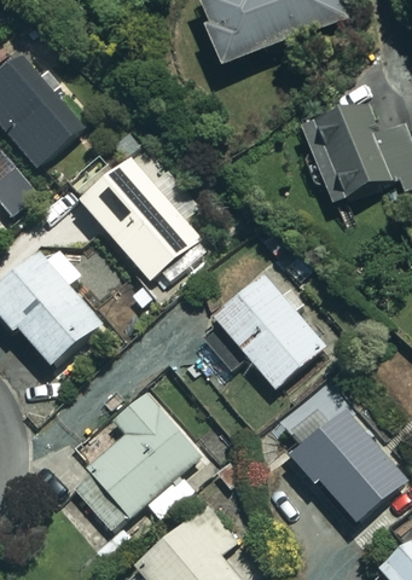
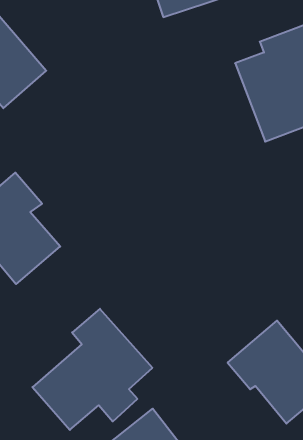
building: [80,156,201,282] -> none
building: [214,274,324,388] -> none

